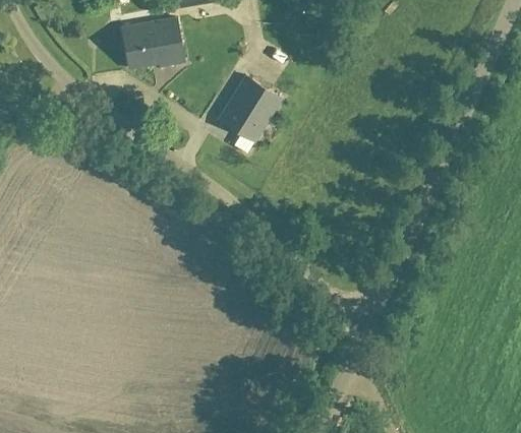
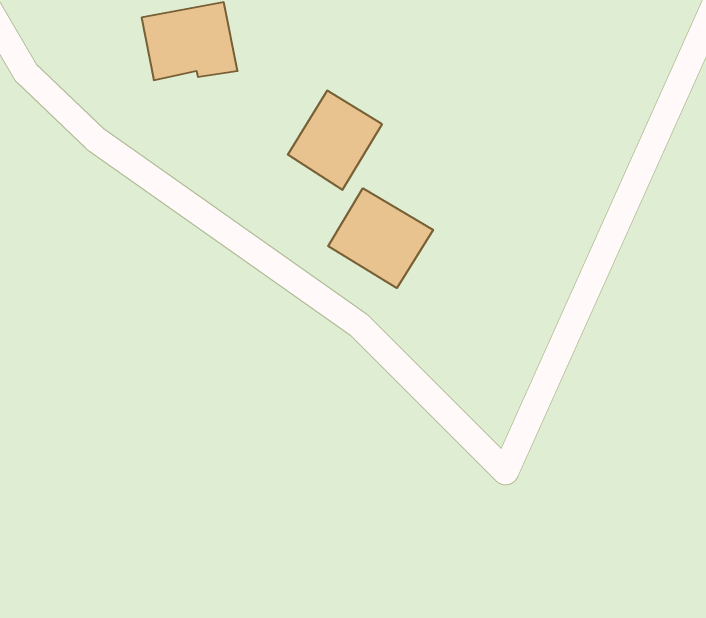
building: none -> [328,188,433,288]

